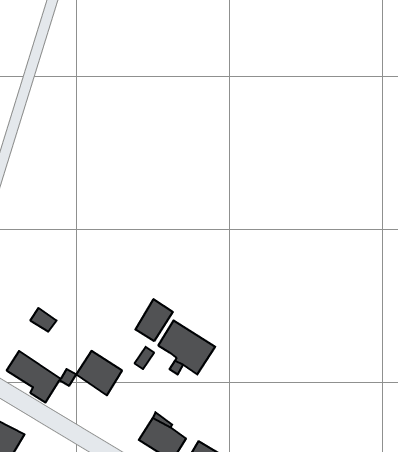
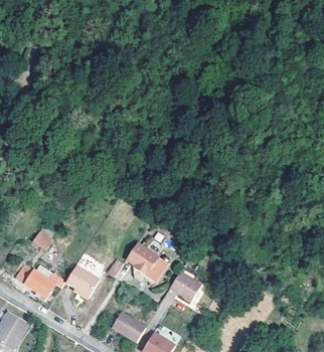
building: [135,299,173,341] -> none
building: none -> [171,269,203,299]

